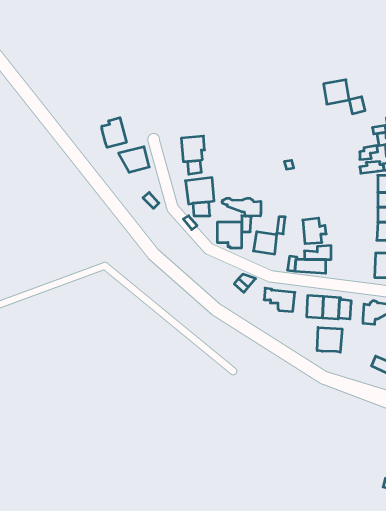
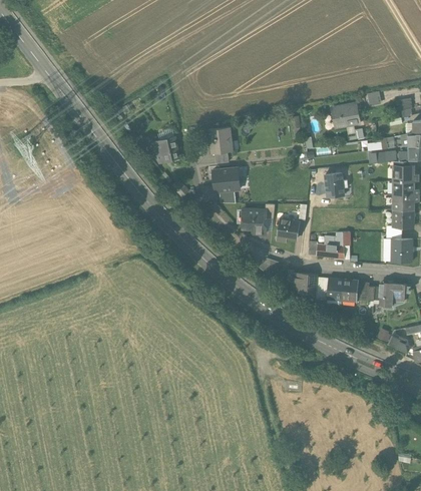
building: [324,80,349,104] -> [334,104,358,127]
building: [102,118,126,147] -> none
building: [222,198,261,216] -> none
building: [303,218,326,244] -> [326,172,348,196]
building: [317,327,342,352] -> none

